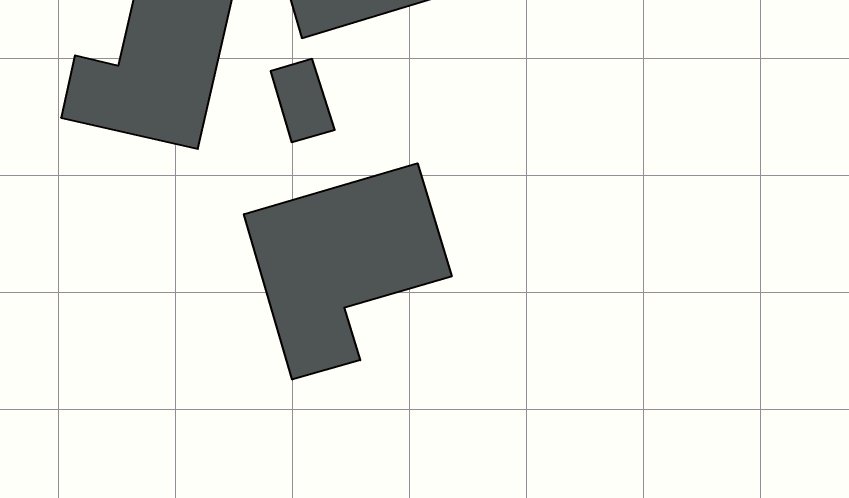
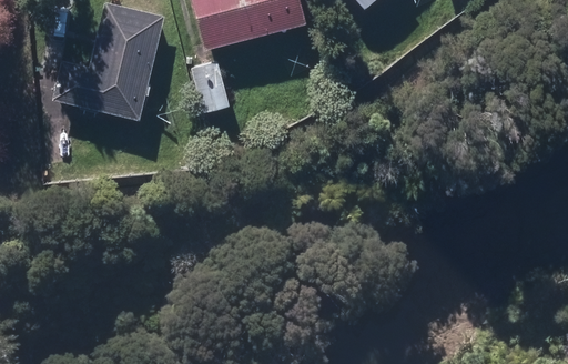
building: [244,163,452,380] -> none

